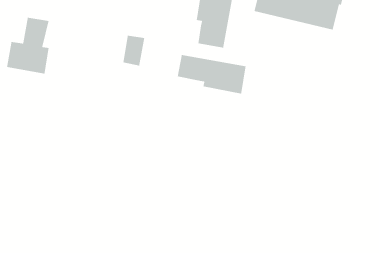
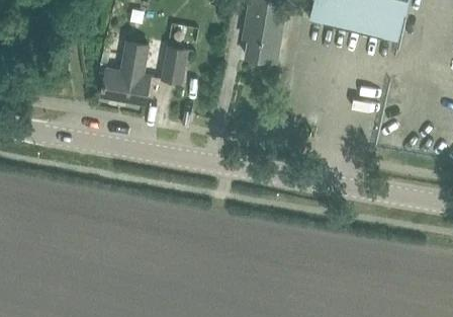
building: [6,17,50,75] -> [101,42,150,106]
building: [177,54,246,94] -> none

